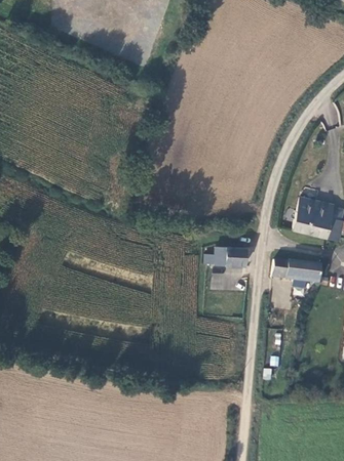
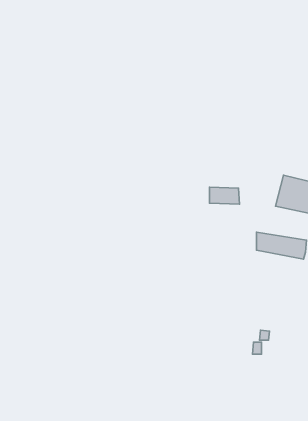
building: [213,245,243,262] -> [209,187,239,204]

